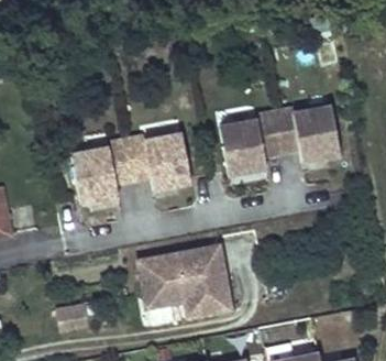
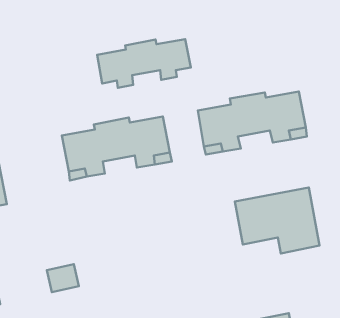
building: none -> [97,39,191,88]
building: [134,247,228,319] -> [235,188,320,253]

